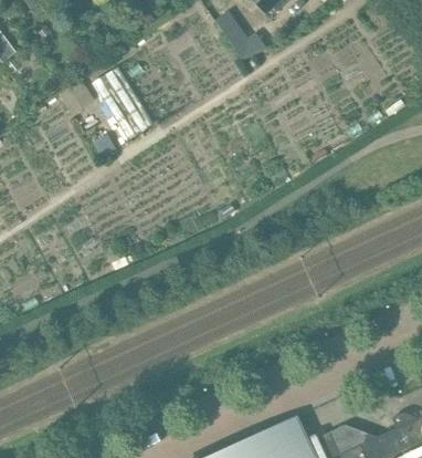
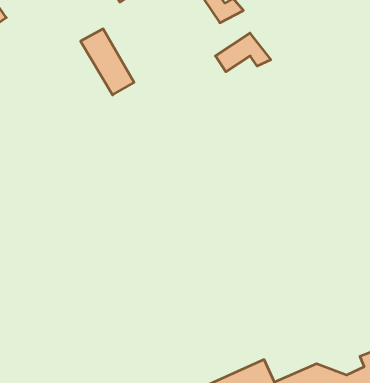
building: none -> [215,33,271,72]

